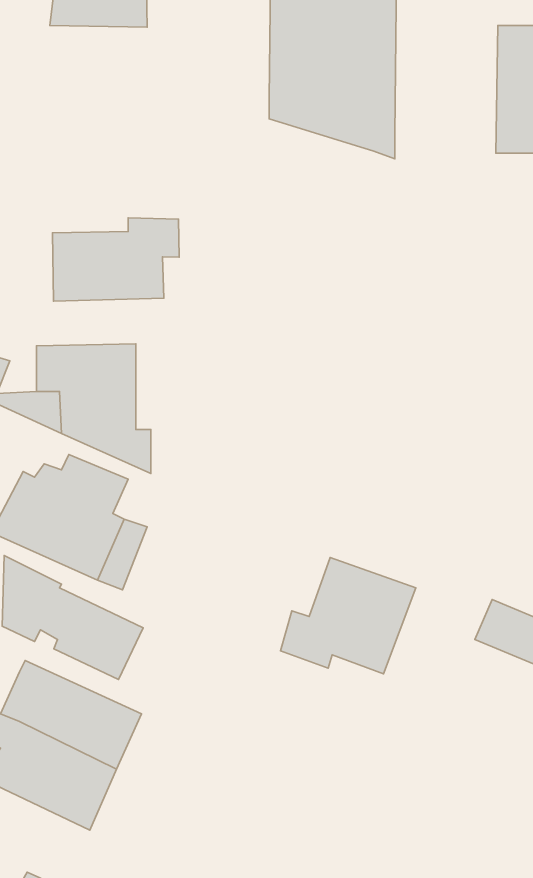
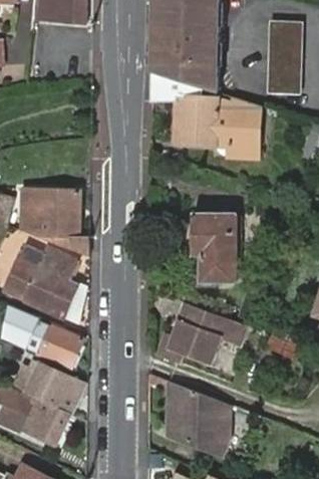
building: none -> [150,72,259,156]
building: [52,218,179,301] -> none
building: none -> [191,212,235,281]
building: none -> [166,378,226,452]

